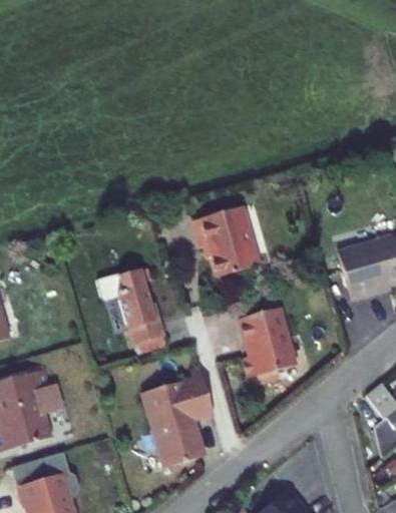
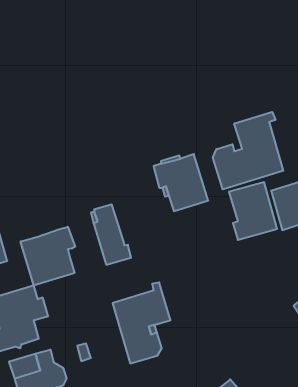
building: none -> [213,112,283,189]
building: none -> [21,227,75,286]
building: [238,307,298,379] -> [229,182,277,240]

